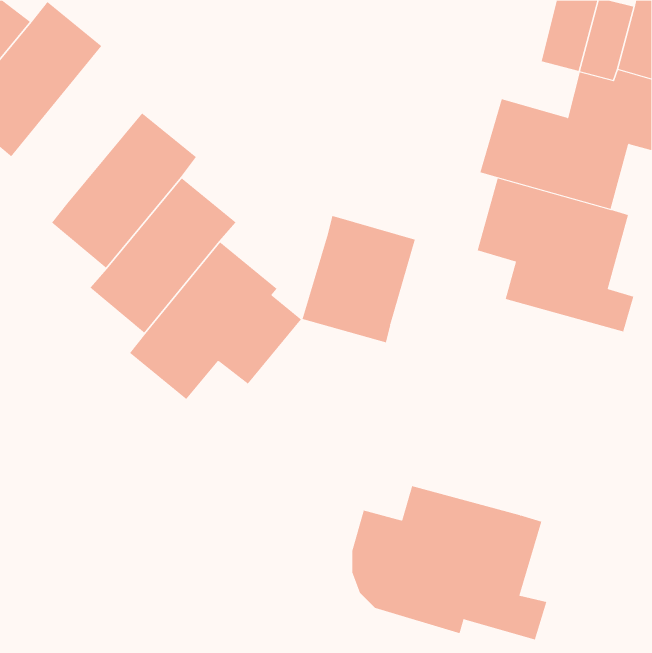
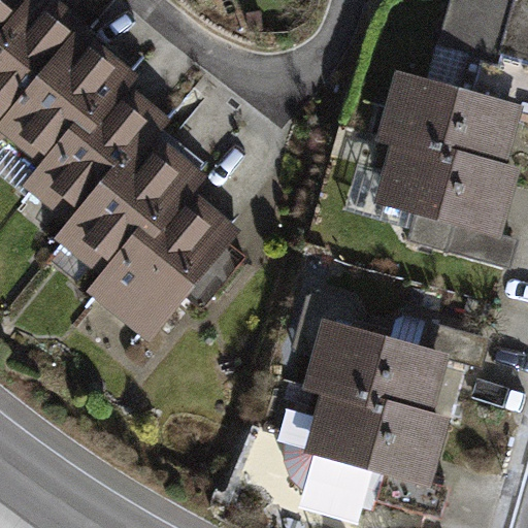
building: none -> [9,37,128,164]
building: [302,215,415,343] -> none
building: none -> [292,291,484,416]

